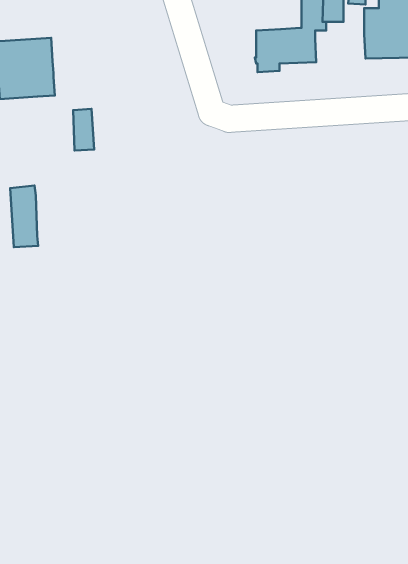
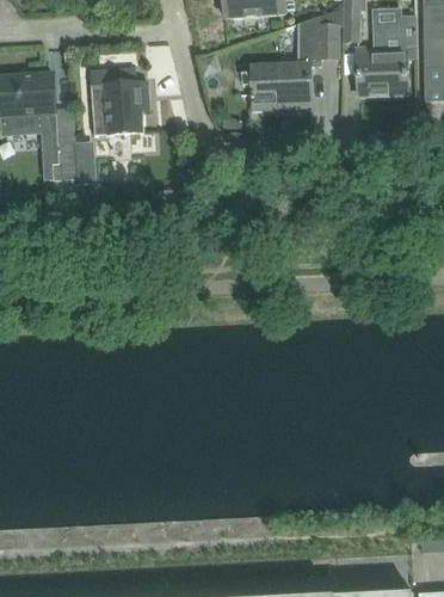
building: none -> [90,67,149,134]
building: [10,186,38,247] -> [50,134,78,193]

